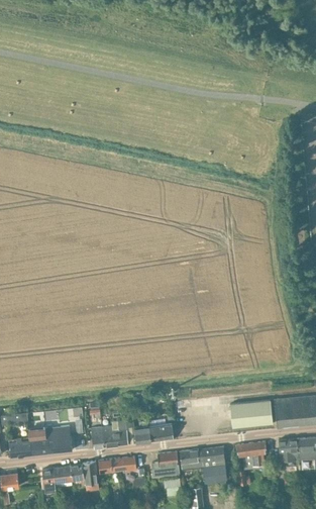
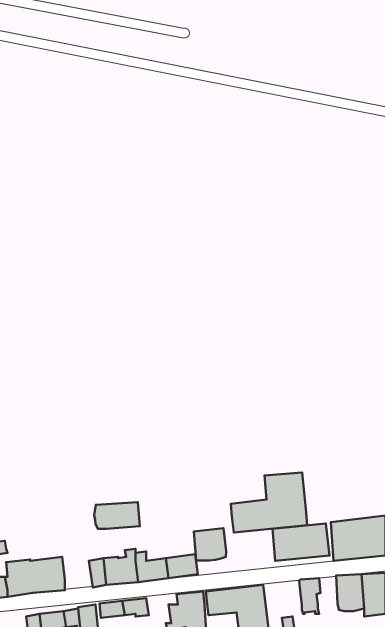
building: none -> [231,473,307,532]
building: none -> [94,502,140,529]
building: none -> [194,528,226,561]

